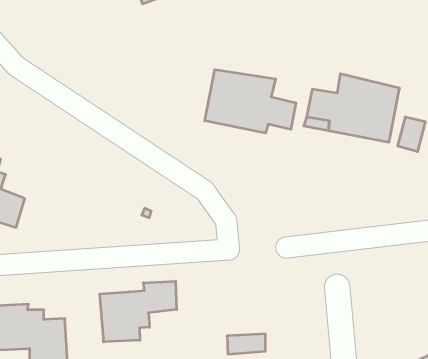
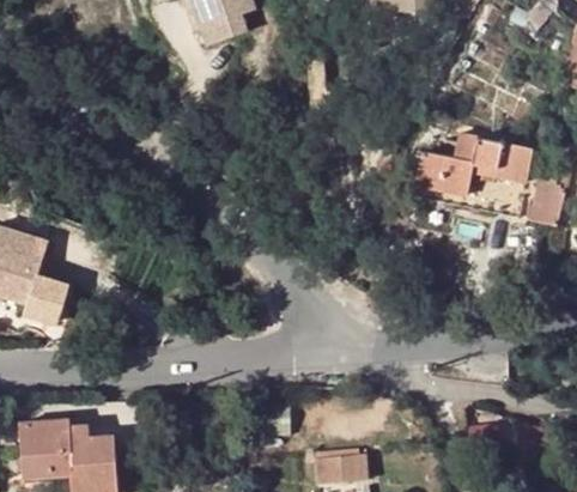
building: [205,70,296,133] -> none
building: [100,281,177,342] -> none

